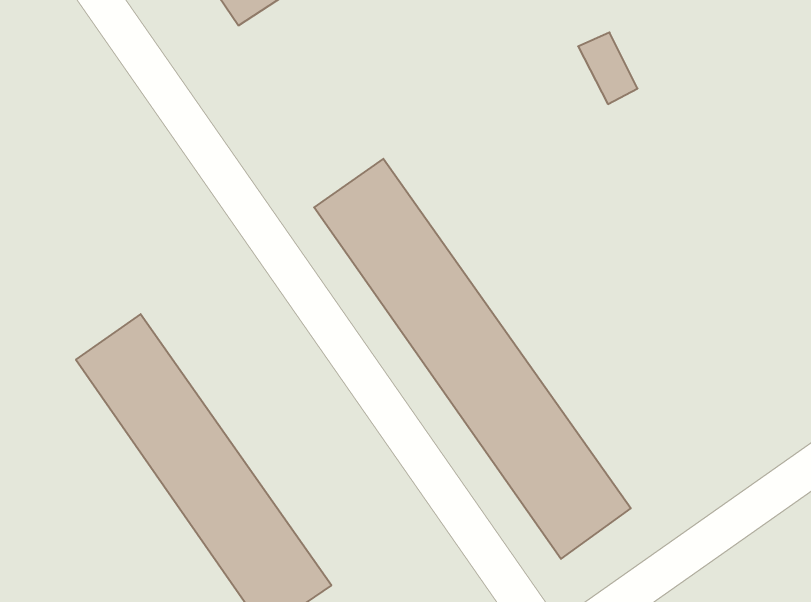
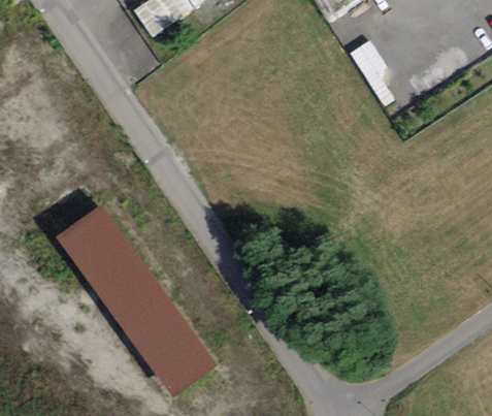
building: [314,159,631,559] -> none

